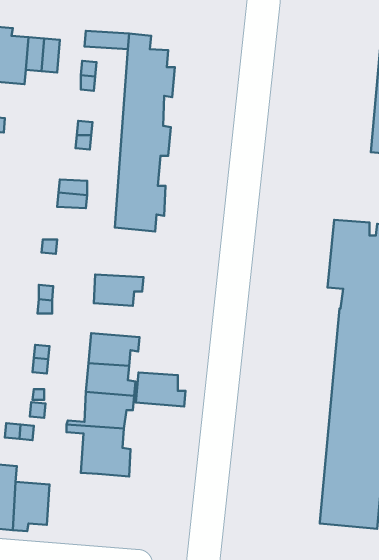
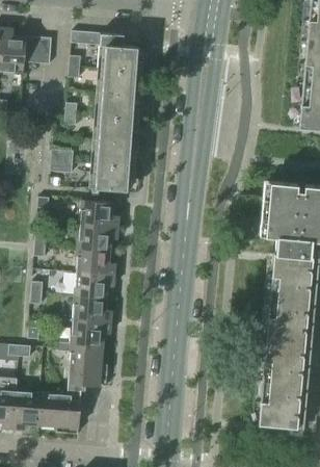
building: none -> [79,201,118,228]
building: [136,373,186,406] -> [76,249,115,276]
building: none -> [41,384,81,434]

